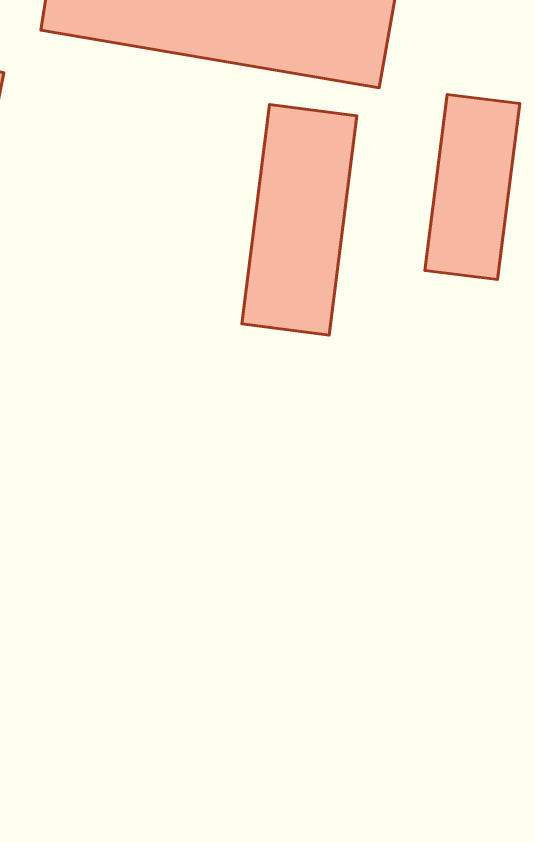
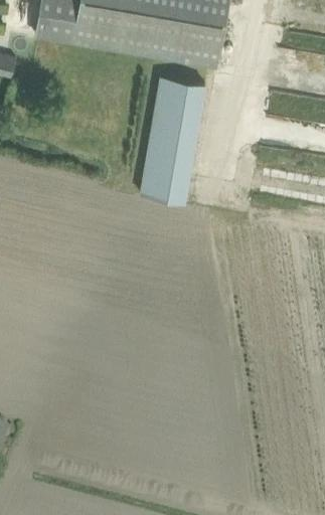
building: [425,94,520,280] -> none

